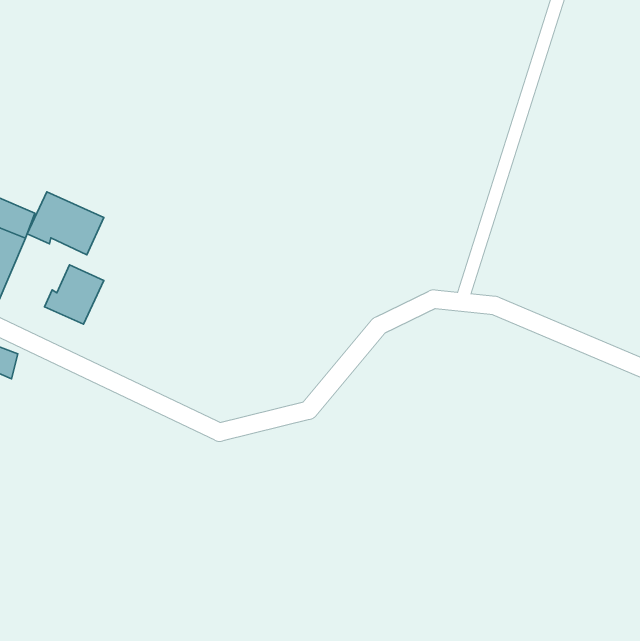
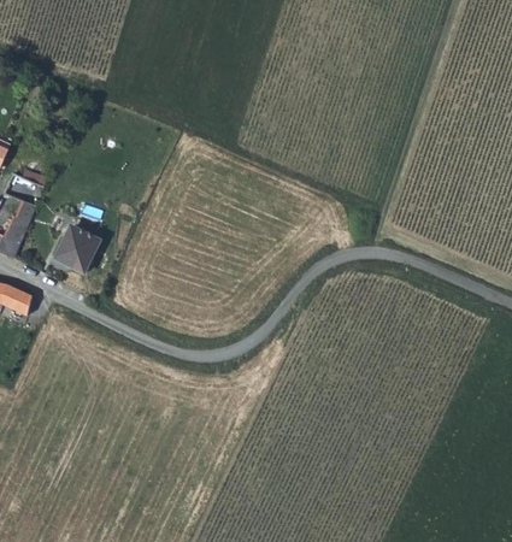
building: [27,192,104,255] -> none

